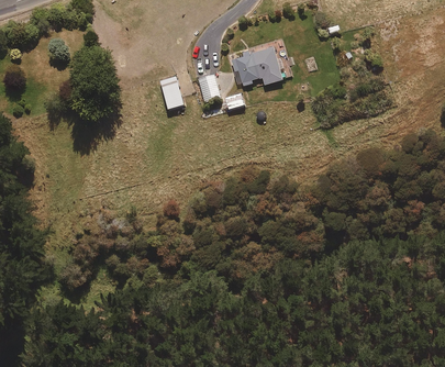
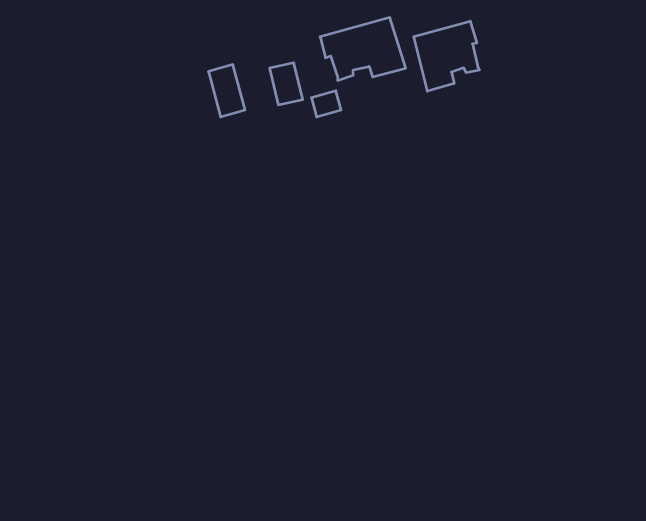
building: none -> [414,21,479,91]

